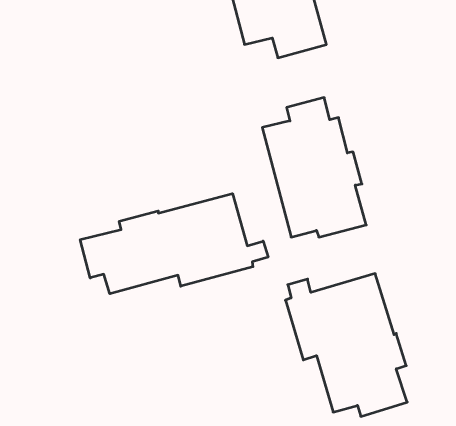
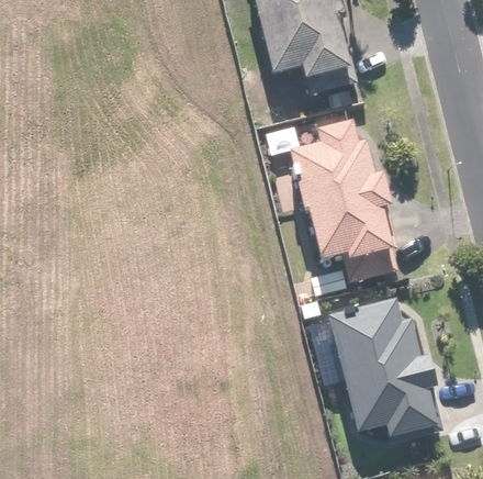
building: [80,194,268,294] -> none

